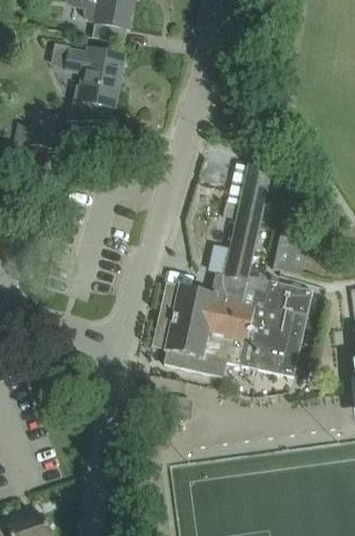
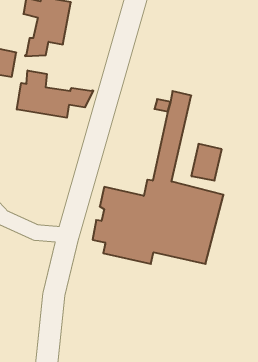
building: none -> [17,70,93,118]

